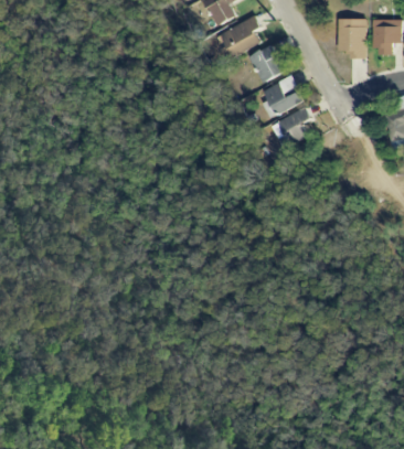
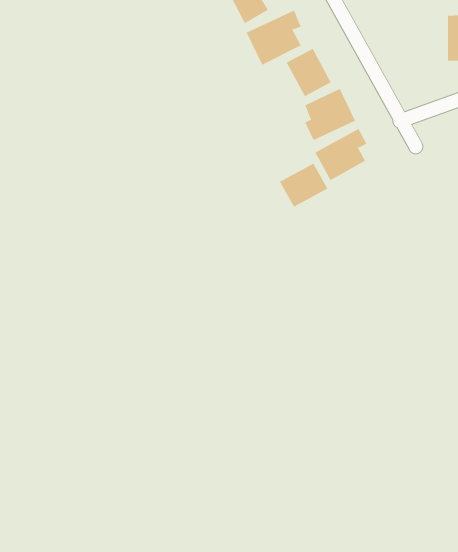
building: [337,19,365,58] -> none
building: none -> [279,163,328,208]

